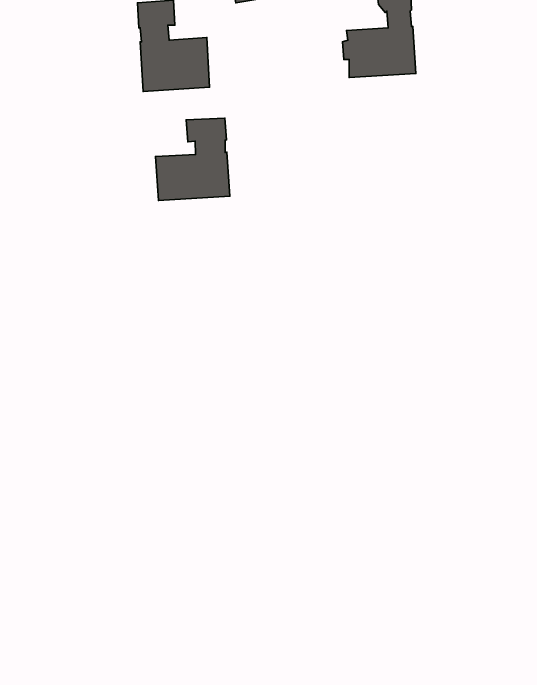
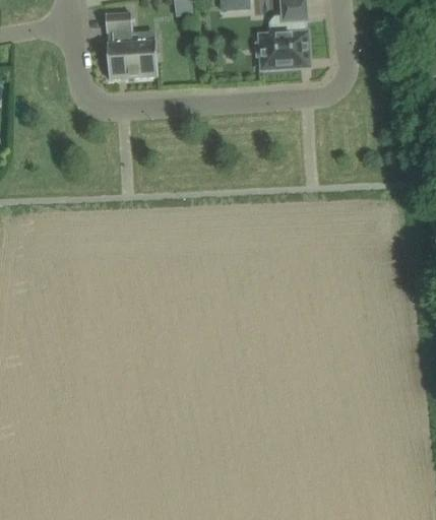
building: [156,118,230,200] -> none

